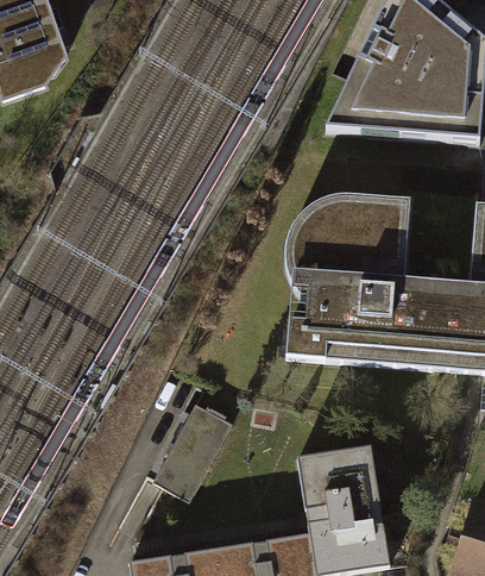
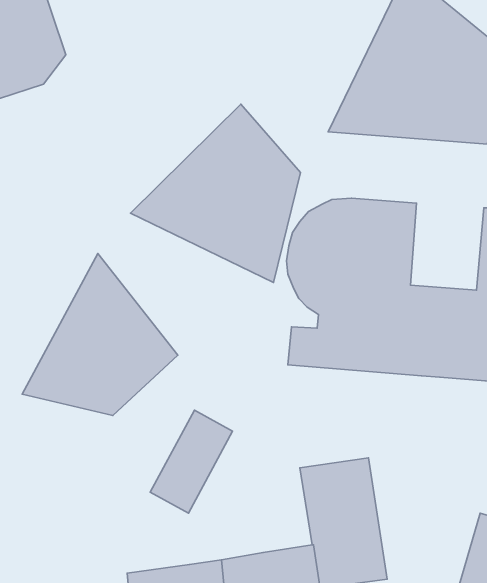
building: none -> [130,104,300,283]
building: none -> [22,253,178,415]

